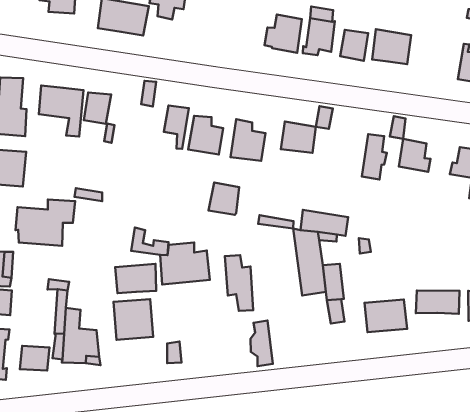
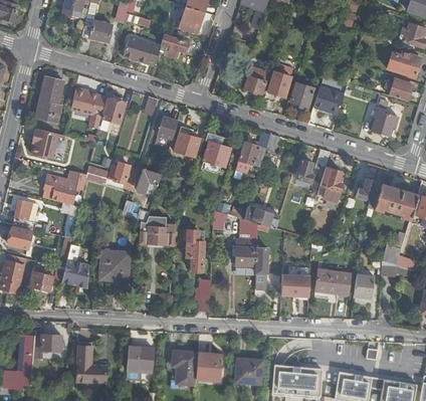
building: none -> [109,163,137,186]
building: [209,182,239,215] -> [137,169,161,194]
building: [115,264,156,293] -> none

